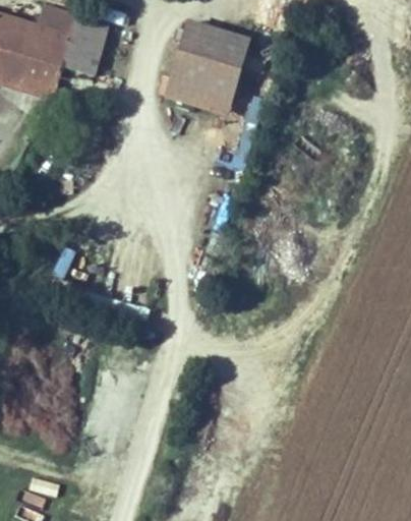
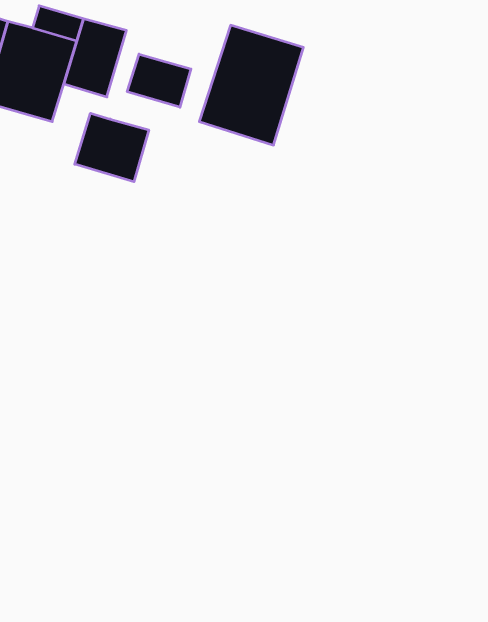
building: none -> [127,54,191,107]
building: none -> [75,113,149,182]

